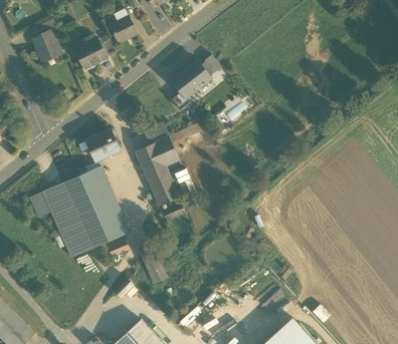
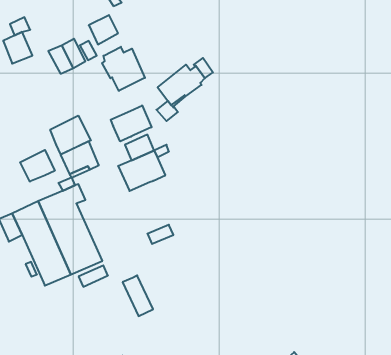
building: none -> [102,47,145,91]
building: none -> [111,105,152,141]
building: none -> [50,116,91,154]
building: none -> [20,150,55,182]
building: [147,164,179,205] -> none

